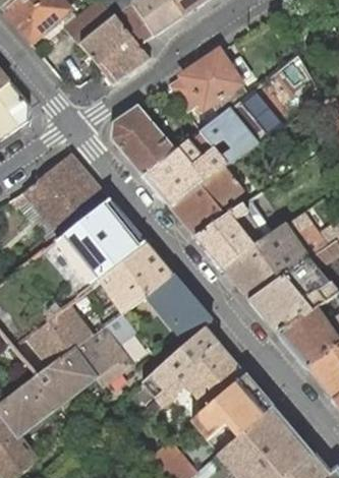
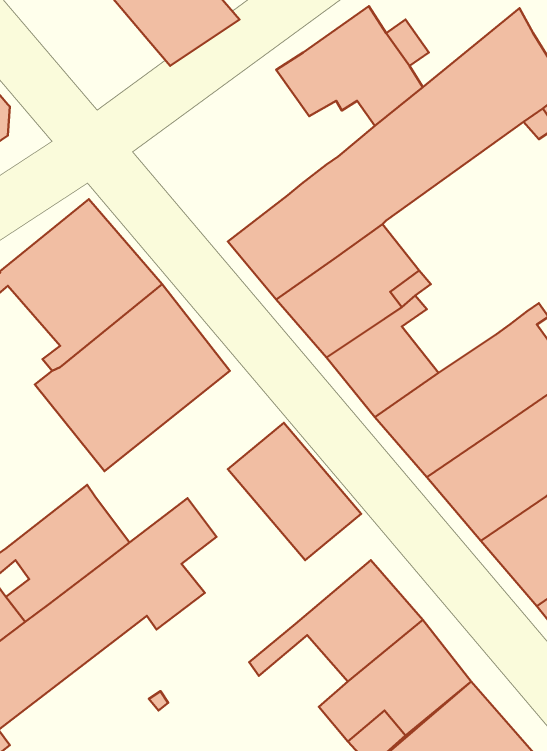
building: [112,106,175,175] -> none
building: [101,243,173,311] -> none
building: [142,327,219,397] -> none

